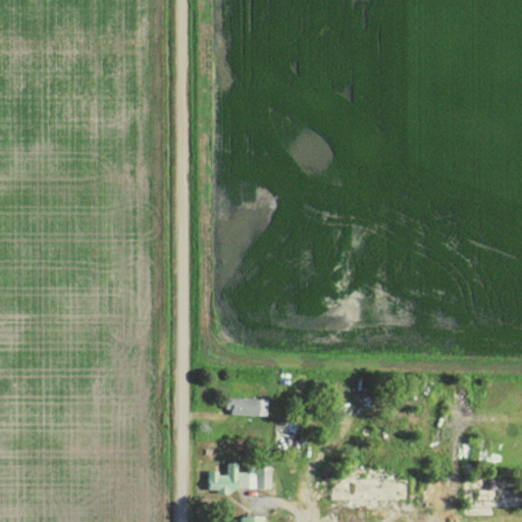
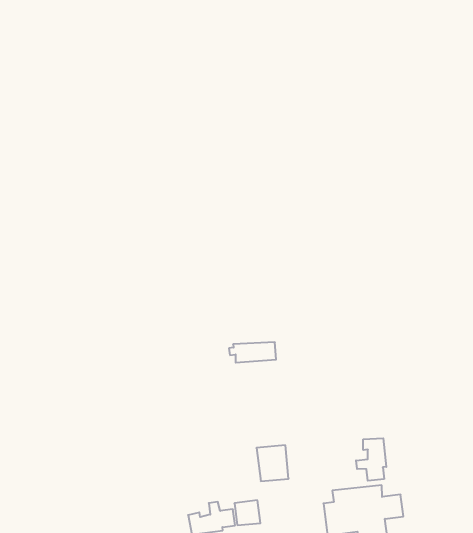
building: [229,398,270,416] -> [229,342,276,363]
building: none -> [356,438,386,481]

